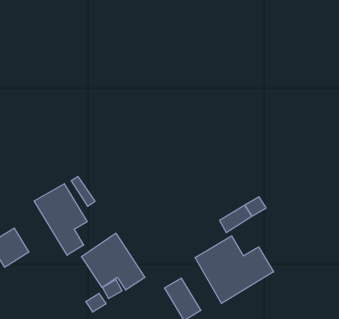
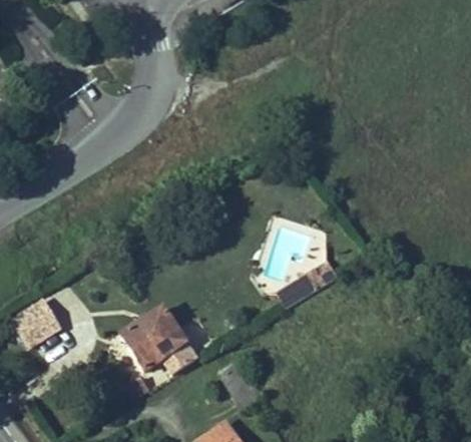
building: [34,184,87,255] -> none
building: [195,236,274,303] -> none

